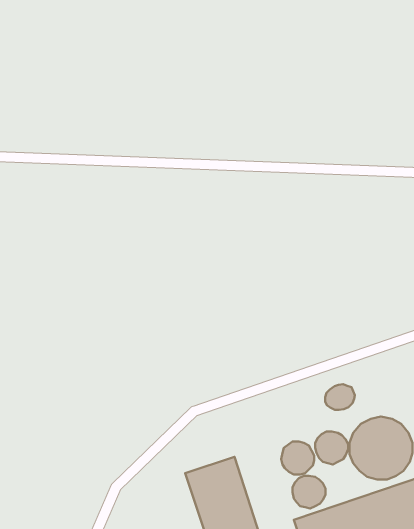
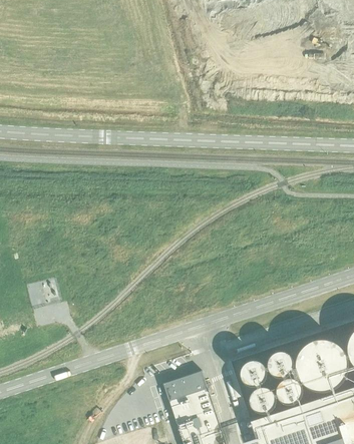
building: [325,384,355,410] -> none
building: none -> [277,377,303,403]

